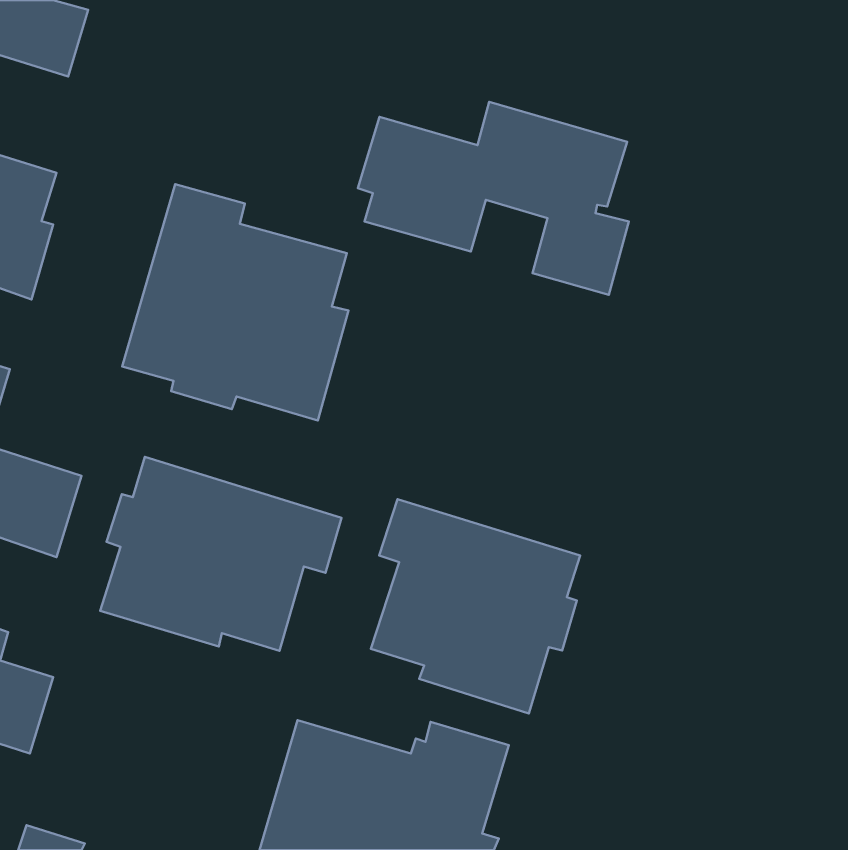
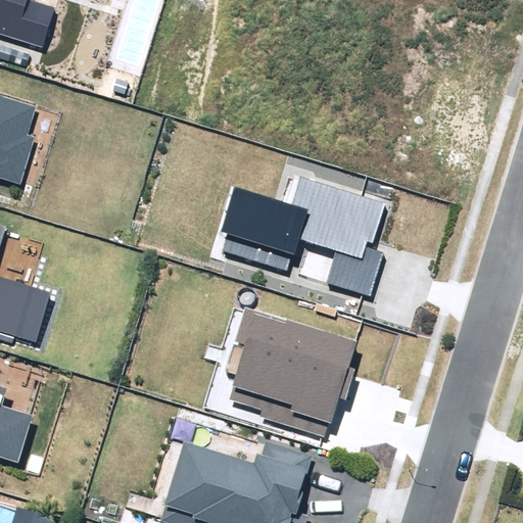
building: [358,102,629,295] -> [218,179,384,297]
building: [122,184,349,420] -> none
building: [100,457,342,651] -> none

